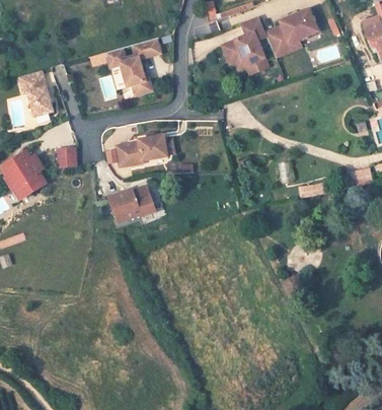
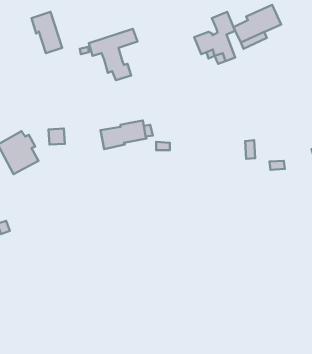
building: [16,72,51,119] -> [32,12,62,53]
building: [110,191,158,229] -> none

